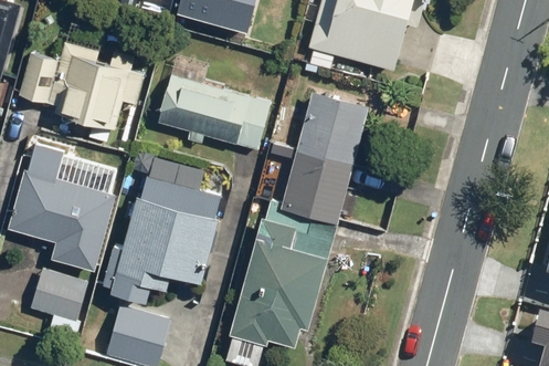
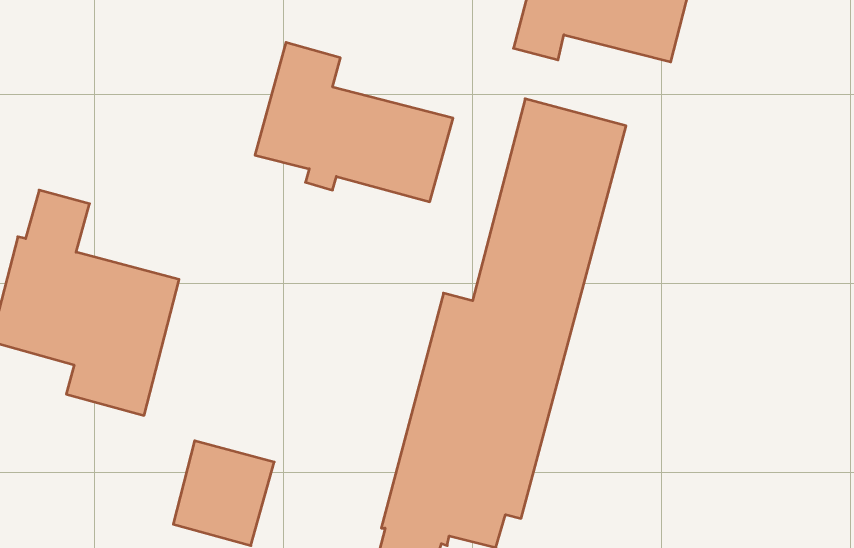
building: [20,42,142,130] -> none
building: [116,175,222,291] -> none
building: [30,266,87,322] -> none

